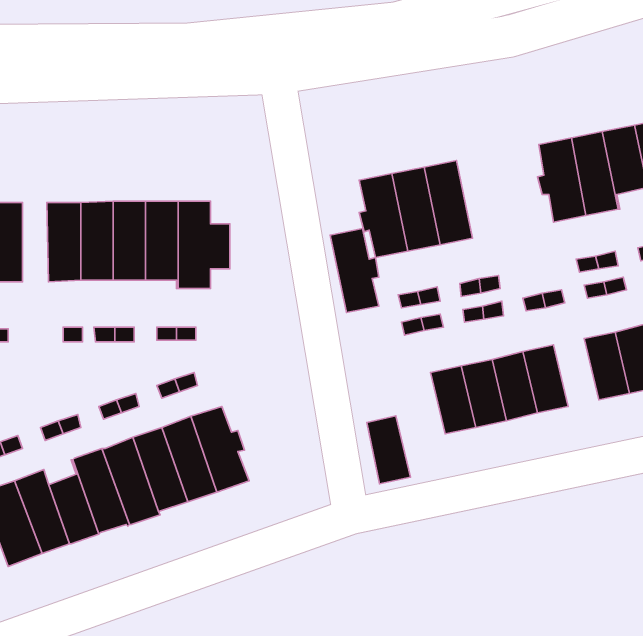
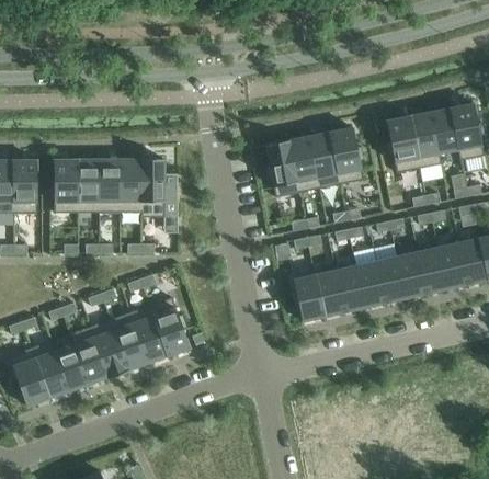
building: [330,229,379,313] -> [331,126,364,183]
building: none -> [397,251,428,297]
building: [367,416,410,484] -> [294,274,323,320]

